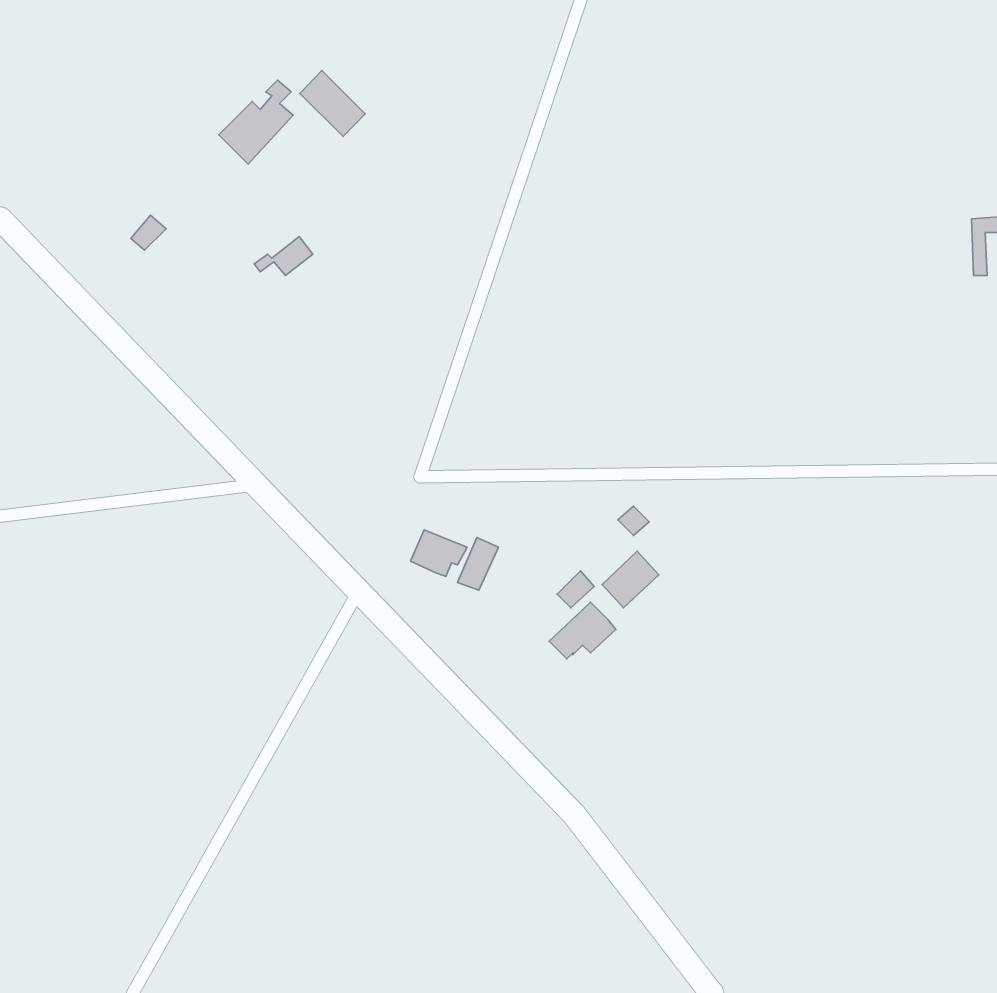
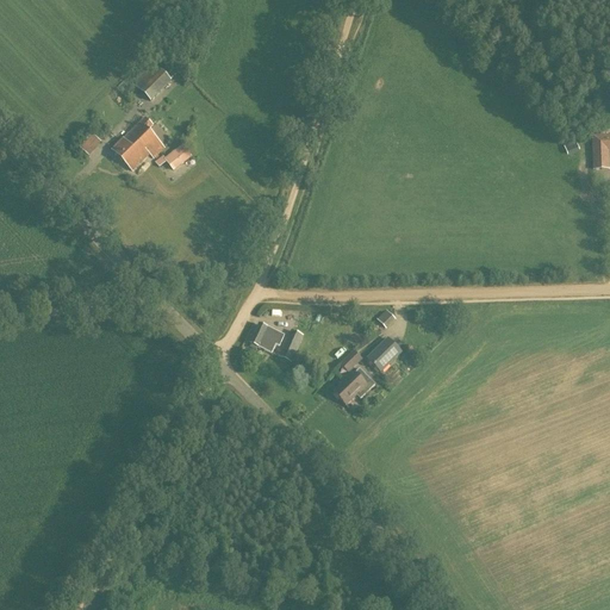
building: [300,71,365,137] -> none
building: none -> [113,116,166,168]

